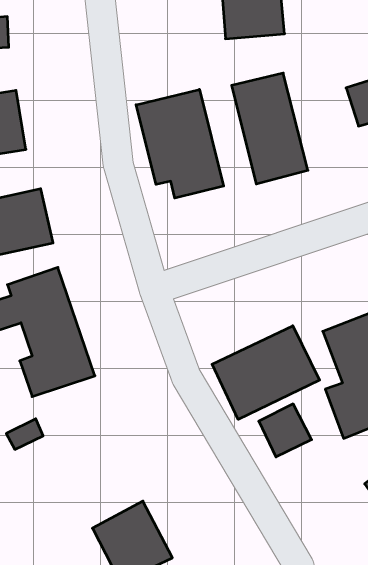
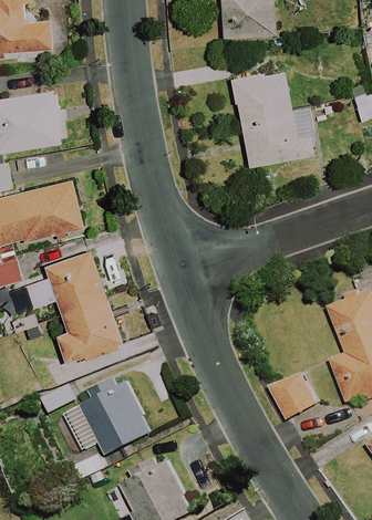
building: [136,89,224,198] -> none
building: [212,326,320,419] -> none
building: none -> [81,384,149,456]

